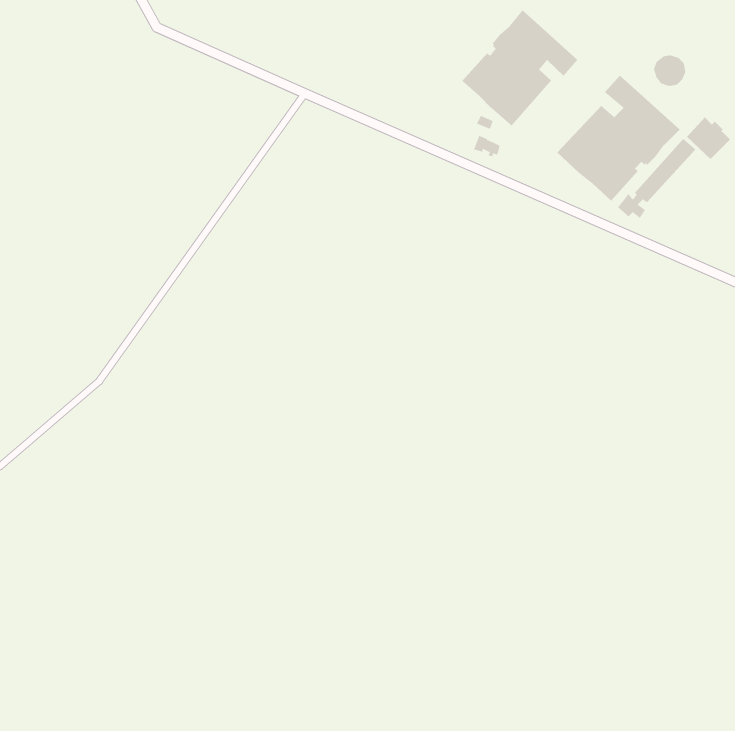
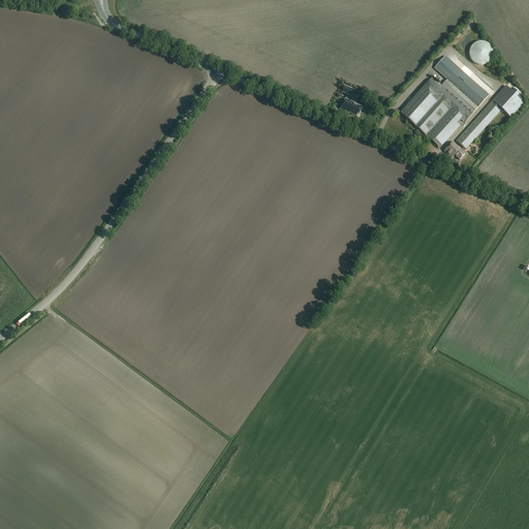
building: [462,10,578,127] -> none

